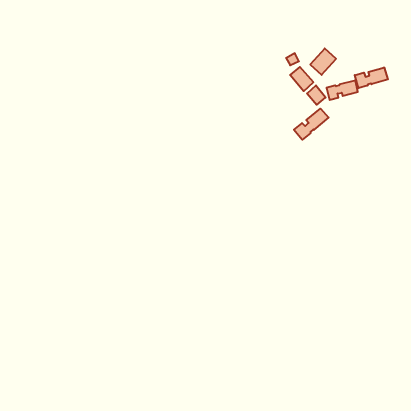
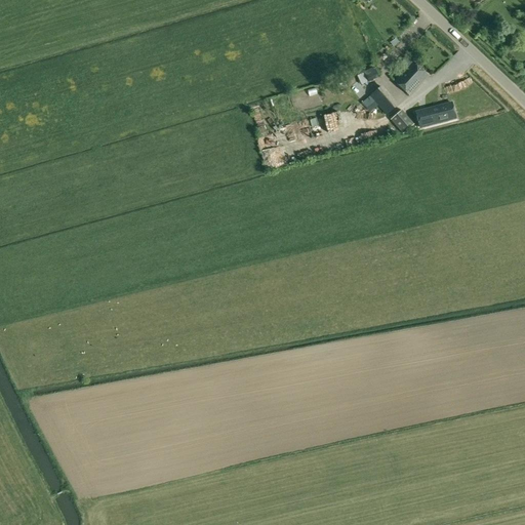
building: [355,67,388,88] -> none
building: [294,109,329,140] -> none

